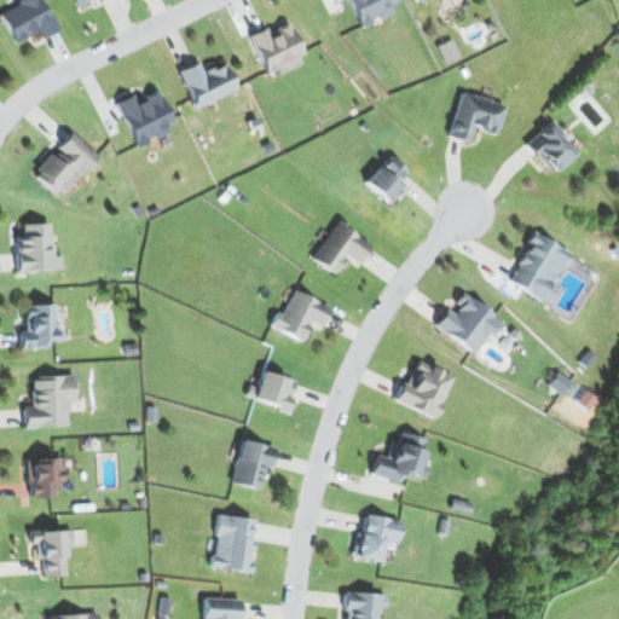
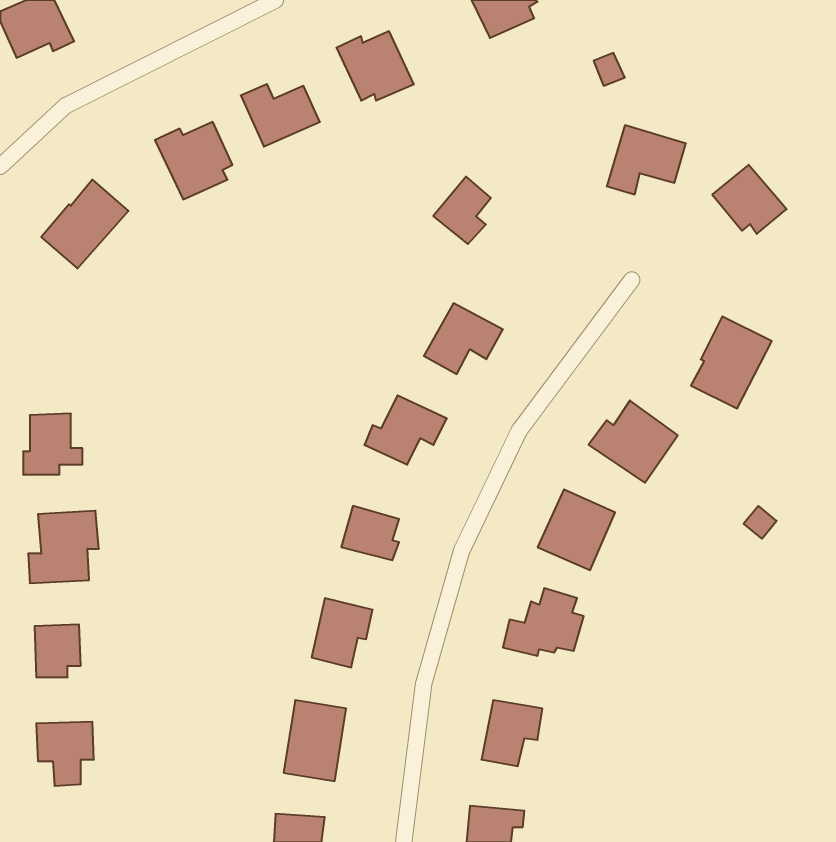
building: [366,155,409,204] -> [433,177,491,244]
building: [18,222,63,271] -> none

